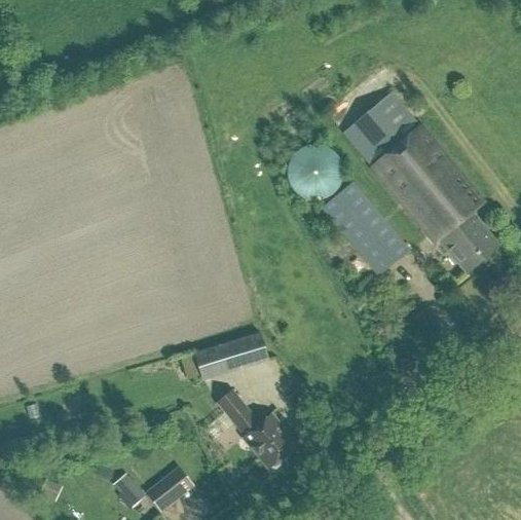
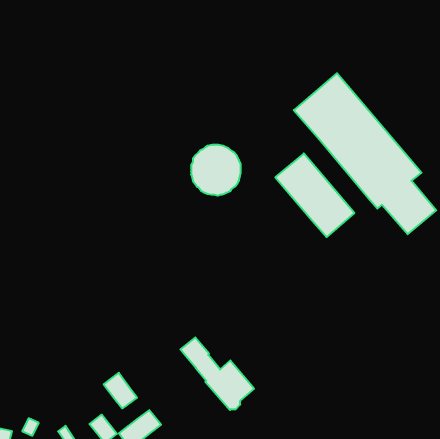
building: [287,144,342,200] -> [191,145,241,196]
building: [195,333,269,379] -> none
building: none -> [104,373,137,408]

